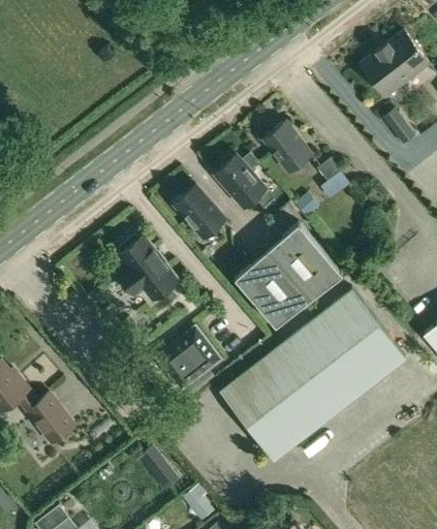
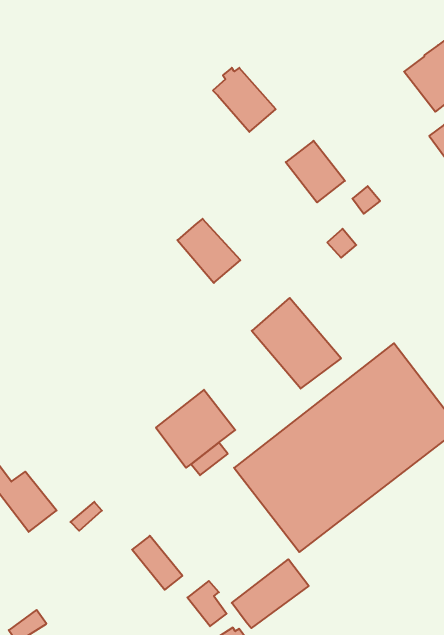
building: [215,155,267,208] -> [213,68,276,132]
building: [267,223,343,301] -> none
building: [119,236,179,301] -> none
building: none -> [232,559,309,628]

